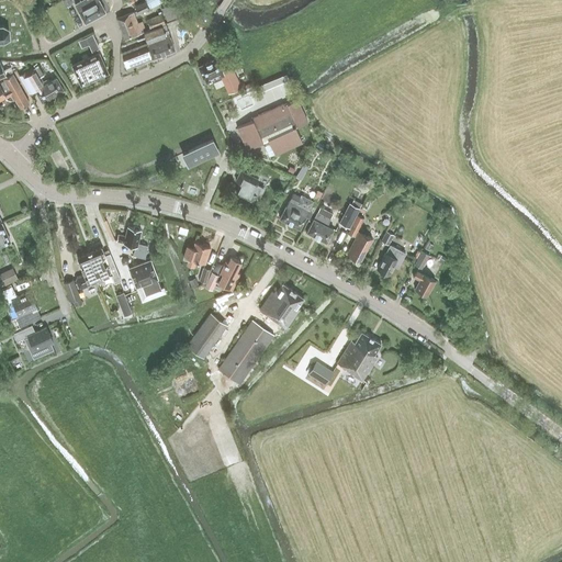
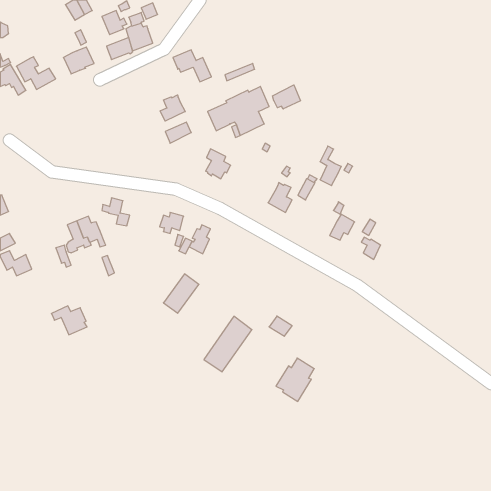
building: none -> [272,85,300,109]
building: none -> [160,95,185,121]
building: [280,193,313,228] -> none
building: [348,215,372,260] -> [320,146,341,186]
building: [128,260,161,295] -> none
building: [258,283,304,328] -> none
building: [218,319,273,383] -> [204,316,252,372]
building: [13,325,54,358] -> [51,306,87,335]
building: [337,331,381,381] -> [276,358,314,401]

